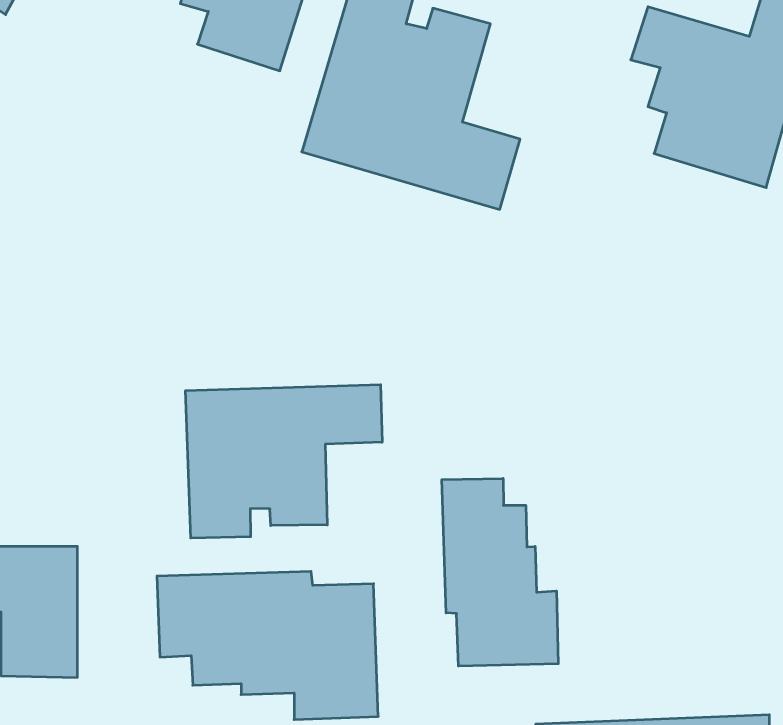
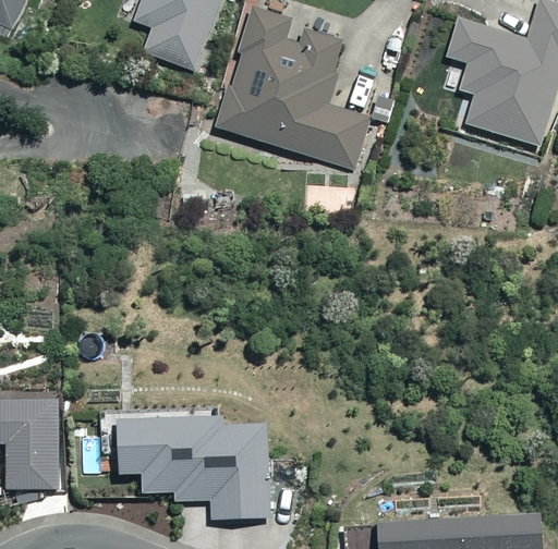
building: [186,385,382,538] -> none
building: [442,478,558,666] -> none

